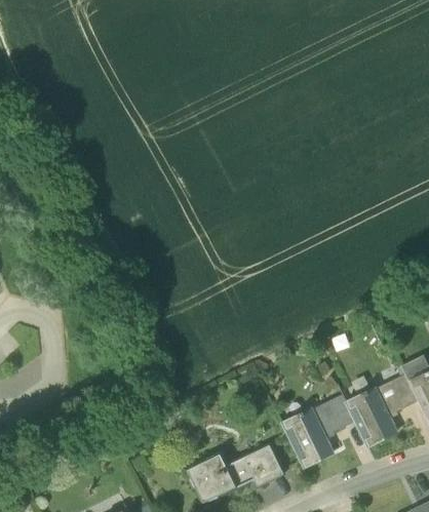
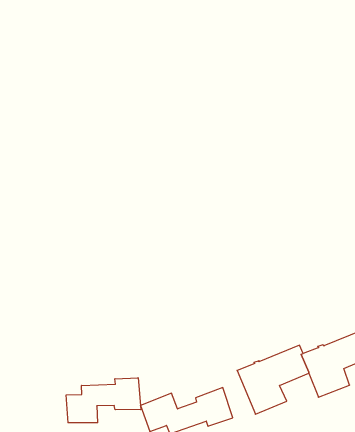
building: none -> [66,378,141,423]

